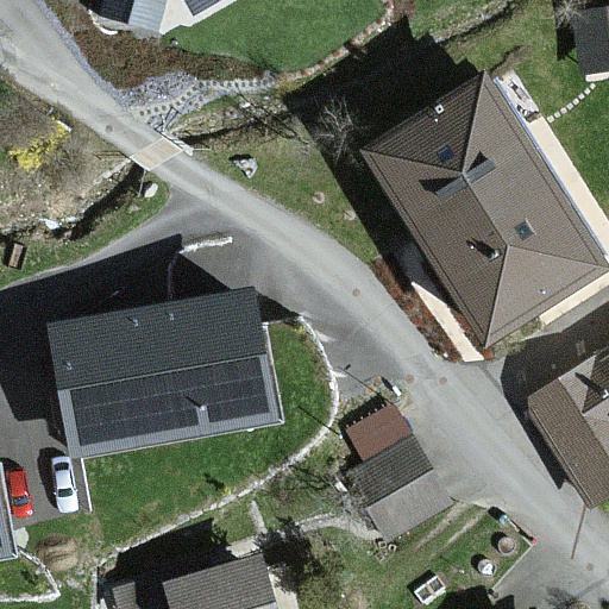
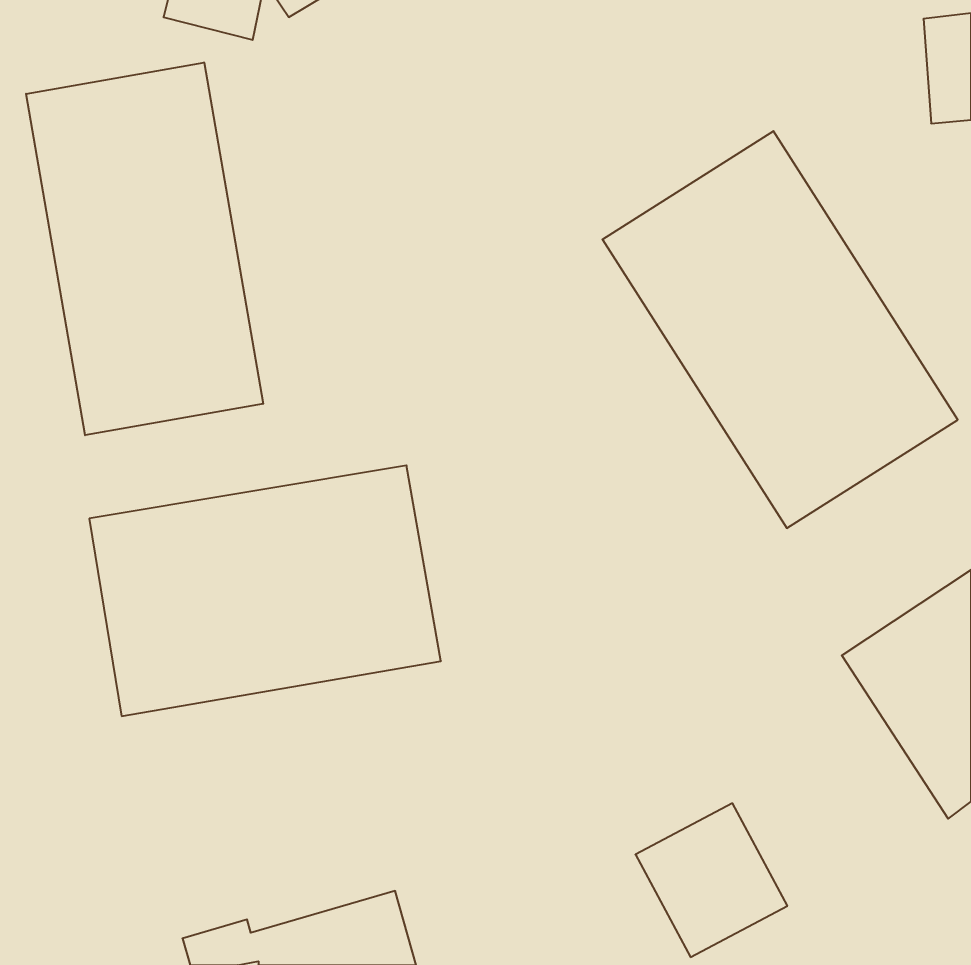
building: none -> [26,62,263,435]
building: [347,438,442,534] -> [635,803,787,957]

